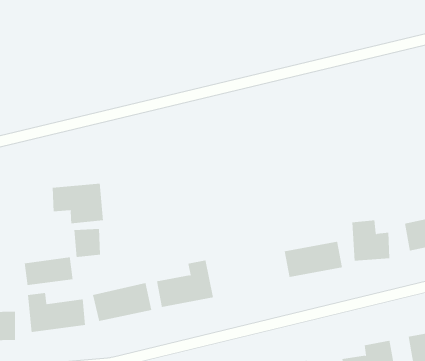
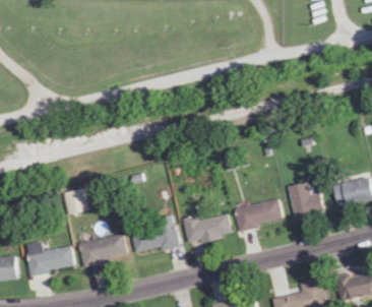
building: [52,183,104,224] -> none
building: none -> [183,211,231,243]
building: [24,257,73,286] -> none

